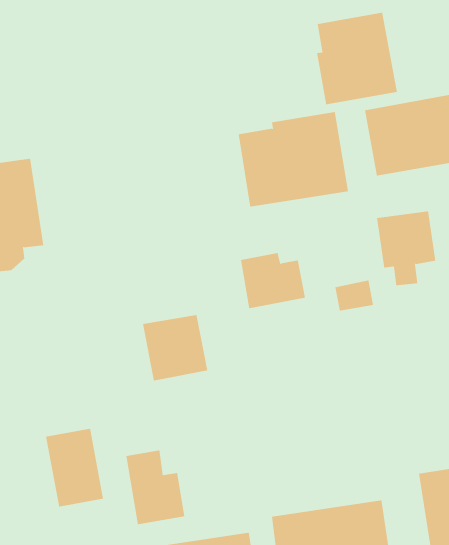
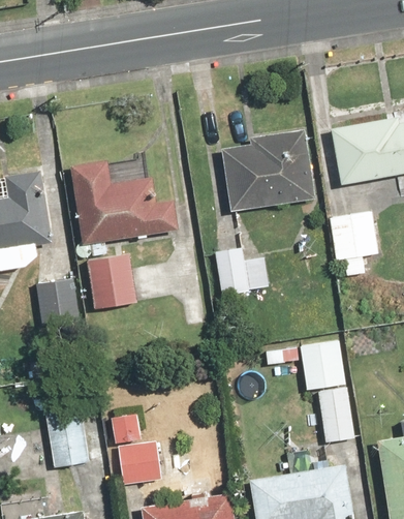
building: [317,12,397,105] -> none
building: none -> [75,162,187,248]
building: none -> [38,278,86,323]
building: [142,314,208,381] -> [88,255,145,313]
building: none -> [273,342,360,446]

